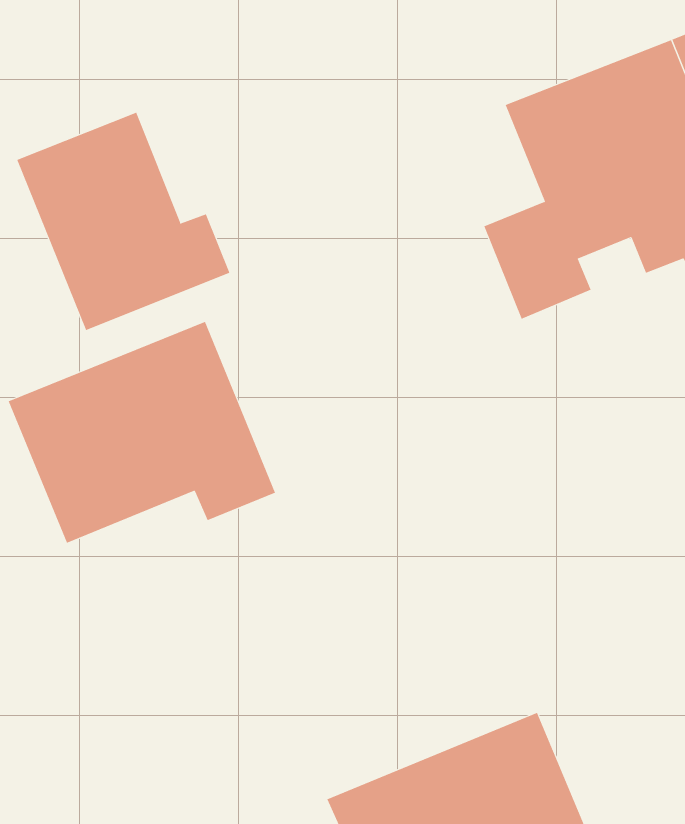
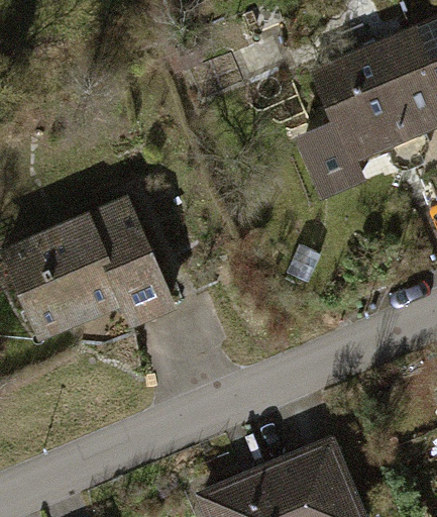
building: [16,112,230,331] -> none

